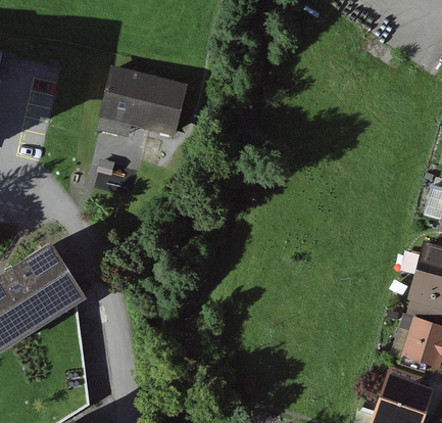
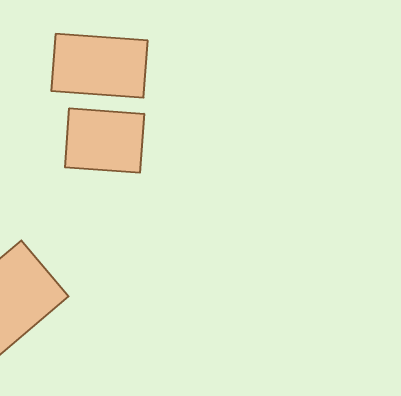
building: none -> [65,108,144,173]

